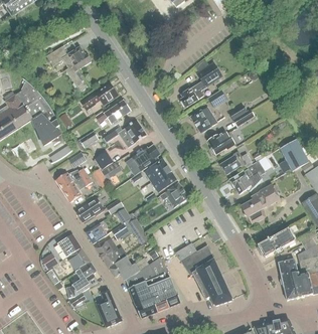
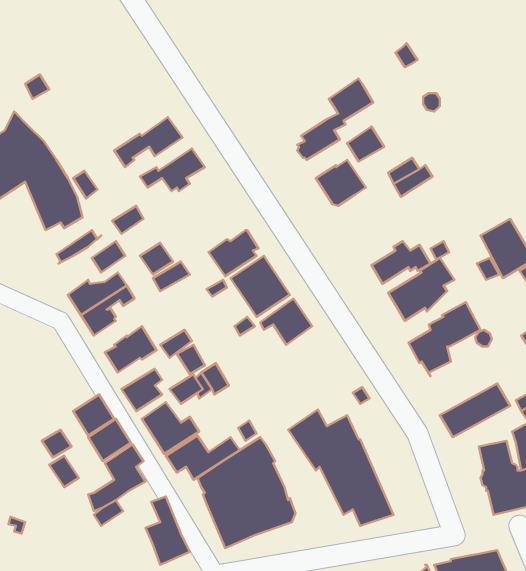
building: [46,45,91,92] -> none
building: [103,121,146,148] -> none
building: [207,130,234,154] -> none

